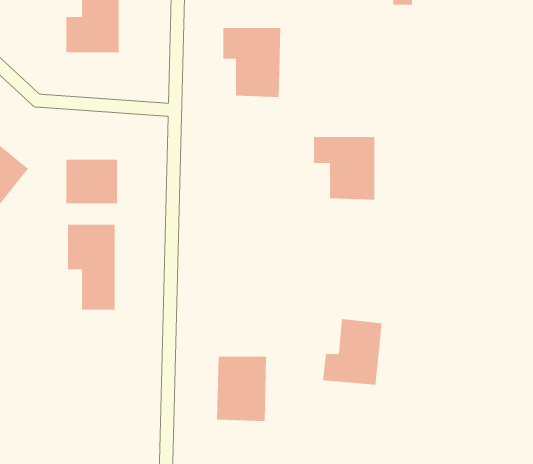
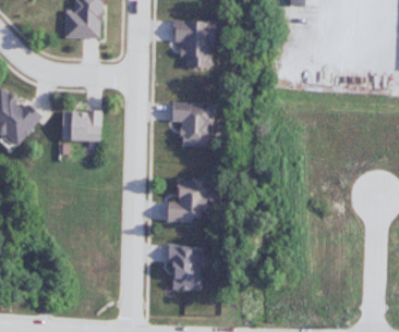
building: [313,137,375,200] -> [170,103,213,147]
building: [68,224,115,311] -> none
building: [322,318,382,385] -> [165,179,206,224]

